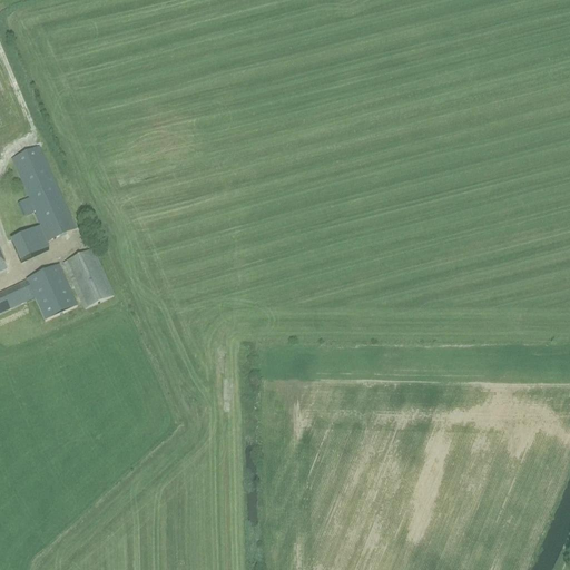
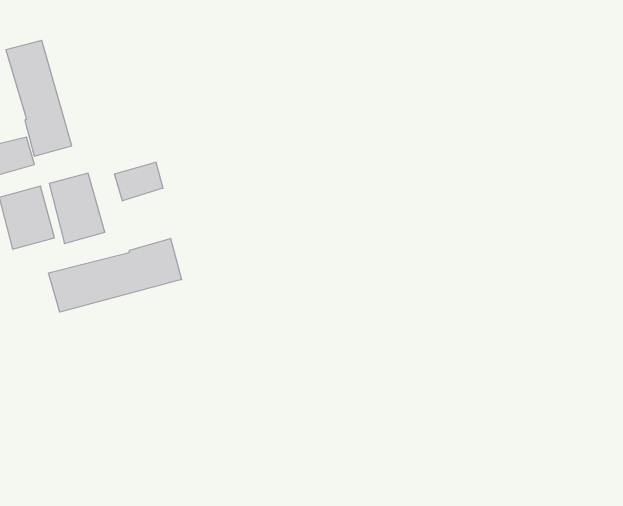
building: none -> [114,162,163,201]
building: none -> [49,238,182,312]

